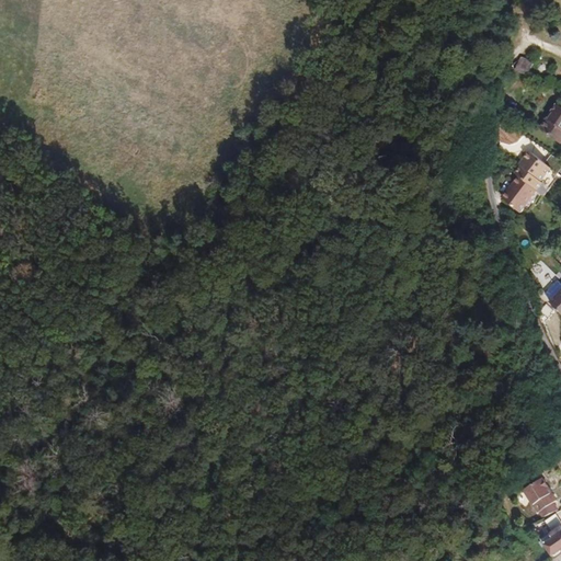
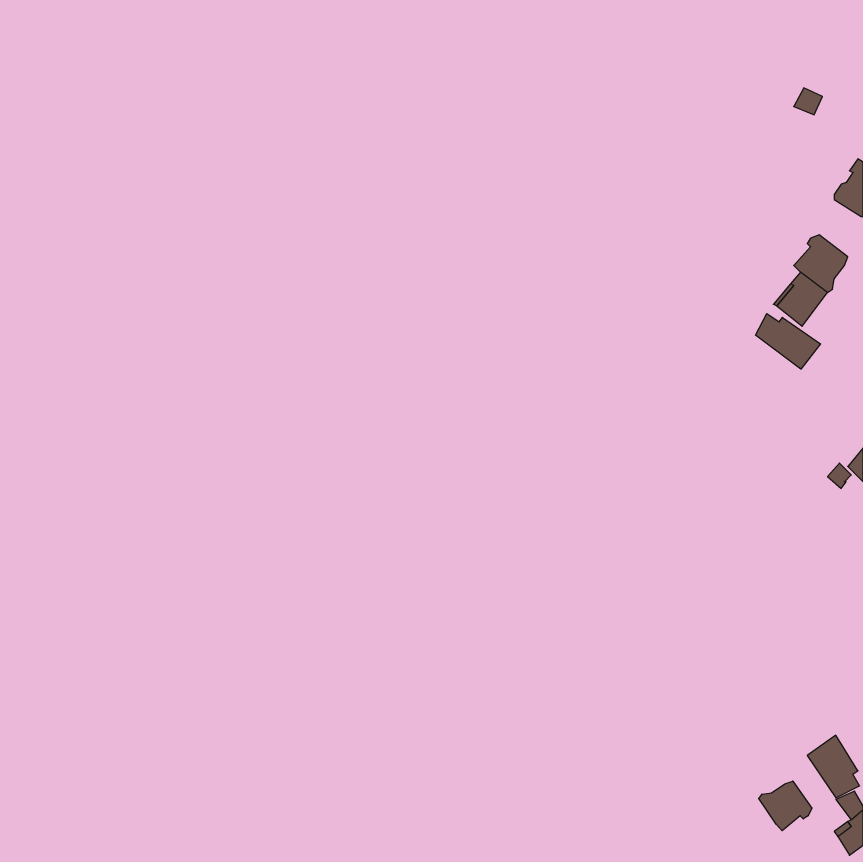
building: none -> [756,314,821,369]
building: none -> [759,781,812,831]

